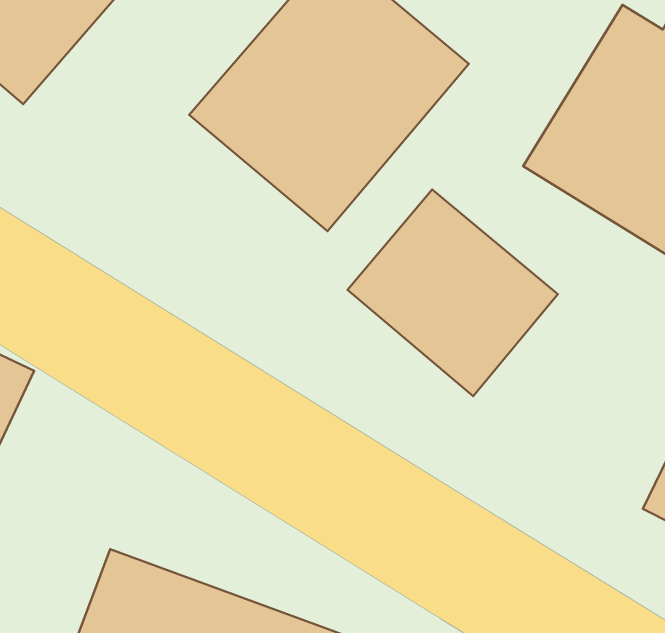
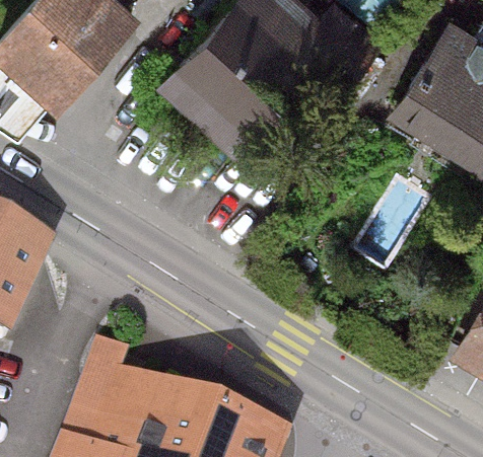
building: [348,190,558,396] -> none

